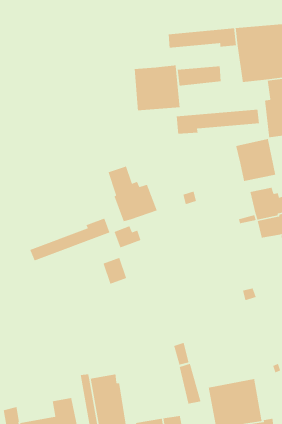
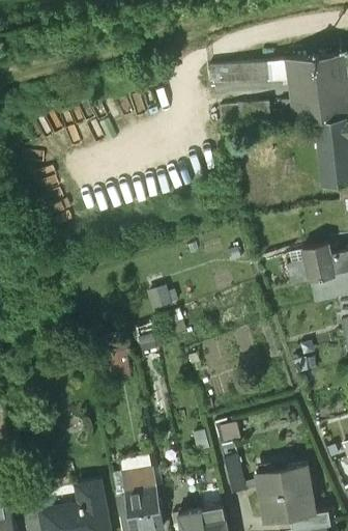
building: [134,64,181,111] -> none
building: [176,109,260,135] -> none
building: [235,138,276,182] -> none
building: [107,165,158,222] -> none
building: [29,218,110,261] -> none

